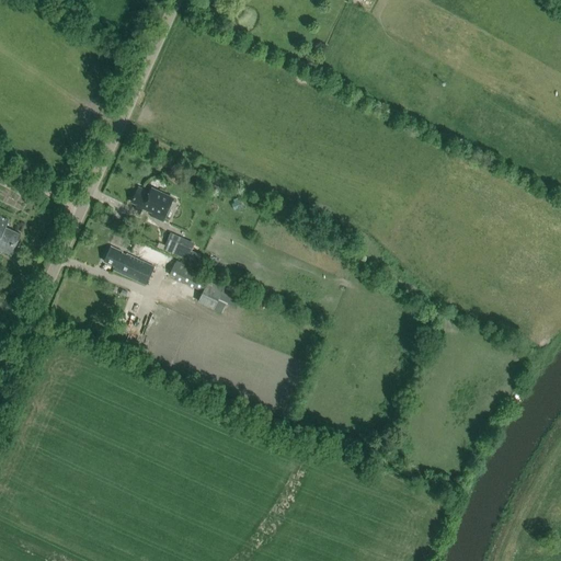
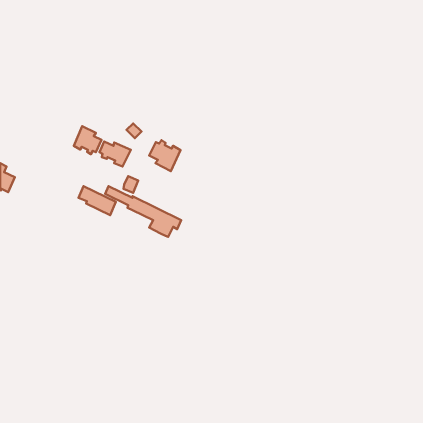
building: none -> [74,126,101,154]
building: none -> [149,140,181,171]

